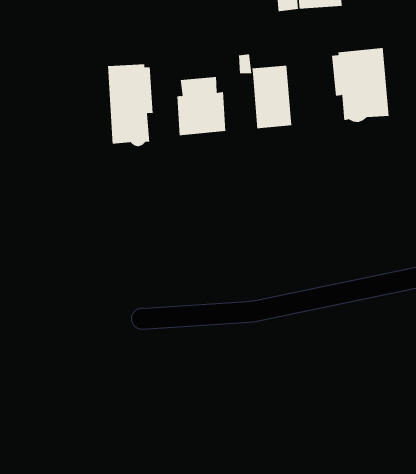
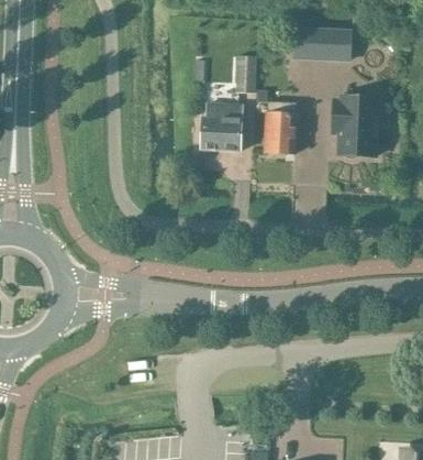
building: none -> [235,56,256,91]
building: [107,64,153,147] -> none

